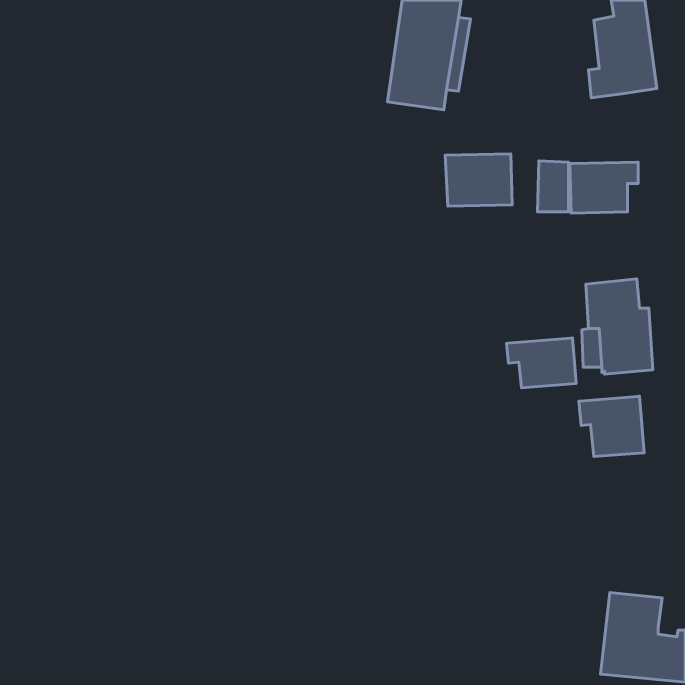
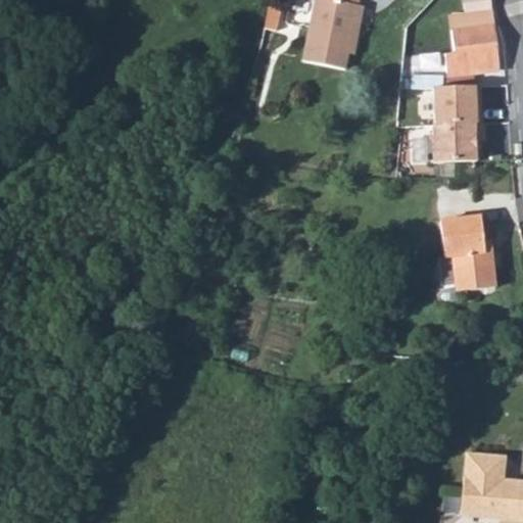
building: [445,154,512,206] -> [434,85,485,125]
building: [506,338,576,388] -> none
building: [579,396,644,457] -> none

